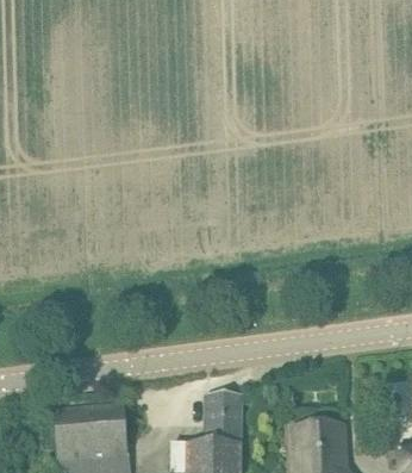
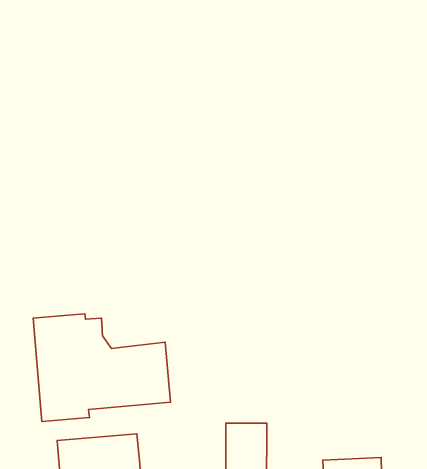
building: none -> [33,314,170,422]

